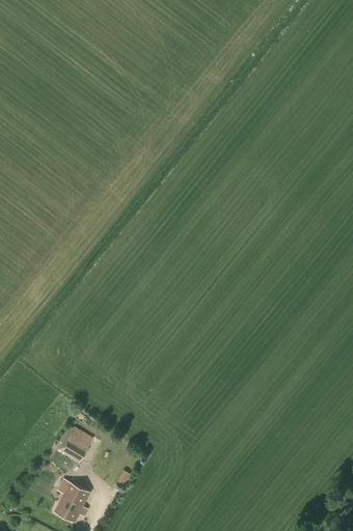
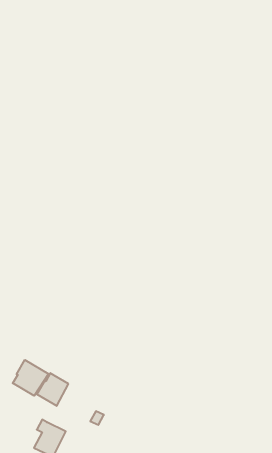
building: none -> [13,360,48,396]

